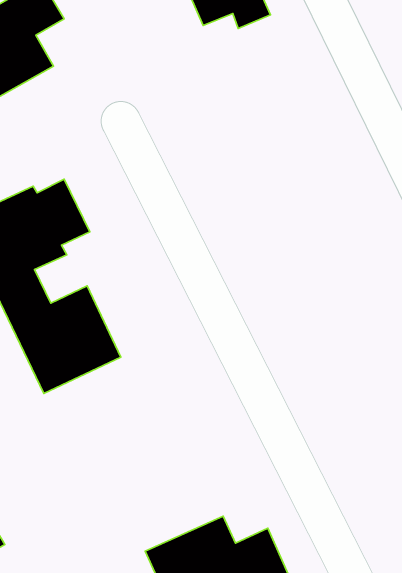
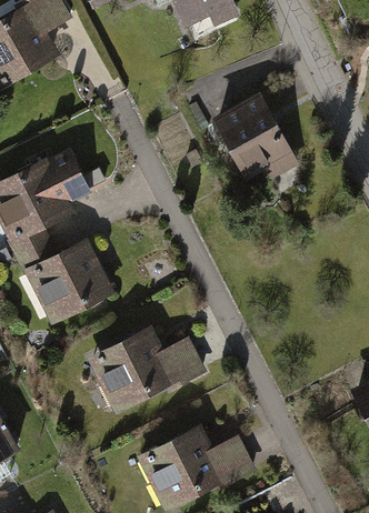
building: none -> [213,93,298,179]
building: none -> [84,328,206,414]

